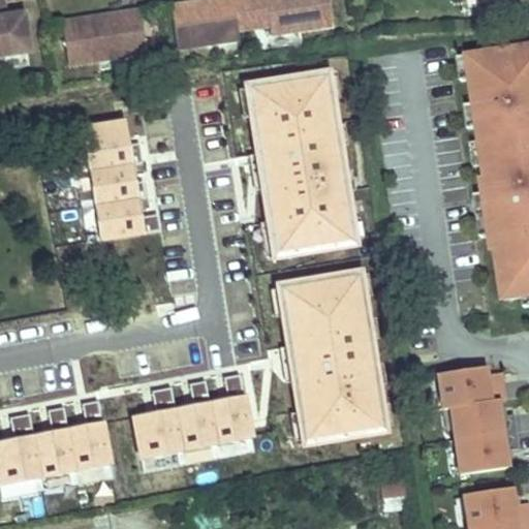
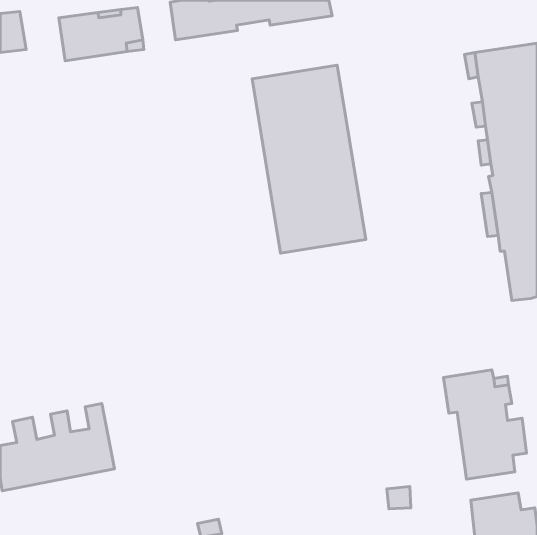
building: [81,122,161,240] -> none
building: [281,271,391,440] -> none
building: [136,371,254,457] -> none

